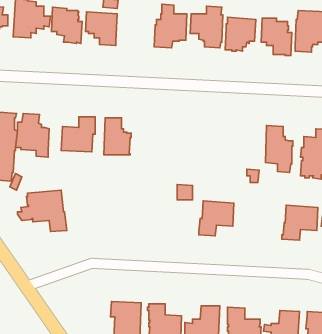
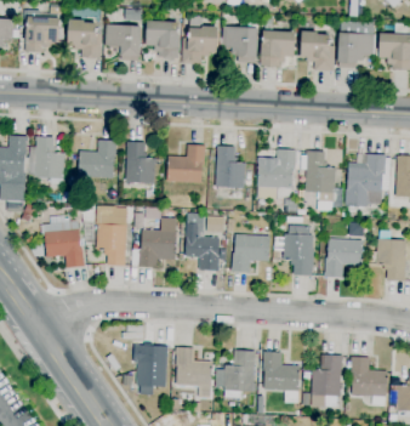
building: none -> [146,19,180,58]
building: none -> [167,143,206,183]
building: none -> [216,146,246,187]
building: none -> [257,148,296,199]
building: none -> [97,205,127,266]
building: none -> [132,206,177,267]
building: none -> [186,222,227,269]
building: none -> [273,225,314,276]

